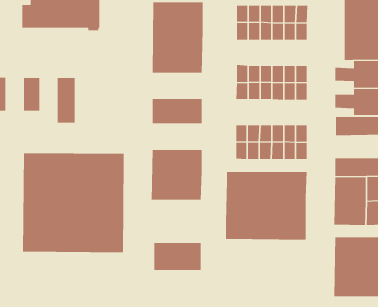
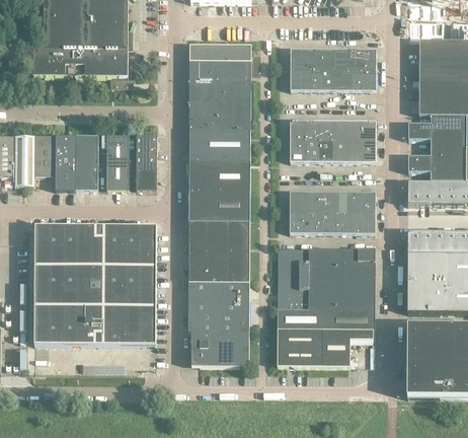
building: none -> [189,130,250,160]
building: none -> [15,135,35,186]
building: none -> [56,135,76,190]
building: none -> [106,135,130,190]
building: none -> [137,135,157,191]
building: none -> [189,191,250,221]
building: none -> [188,282,249,333]
building: none -> [278,328,374,366]

